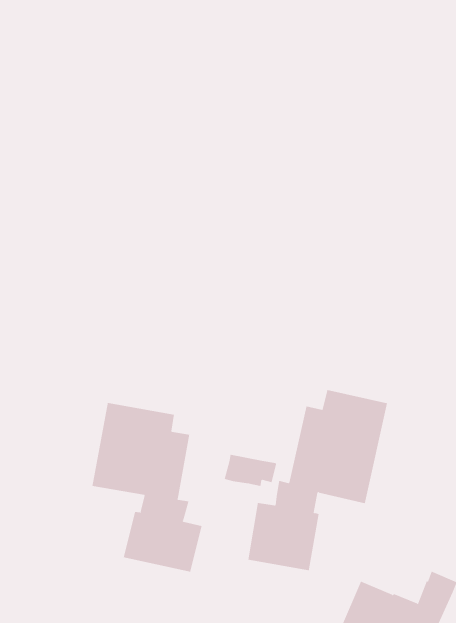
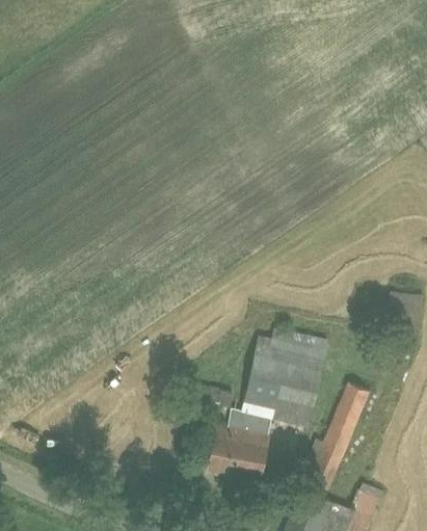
building: [92,402,202,573] -> none
building: none -> [305,384,370,493]

